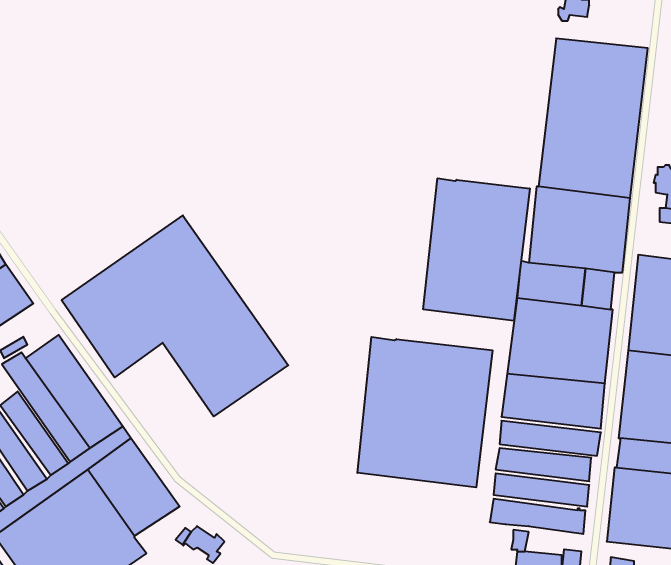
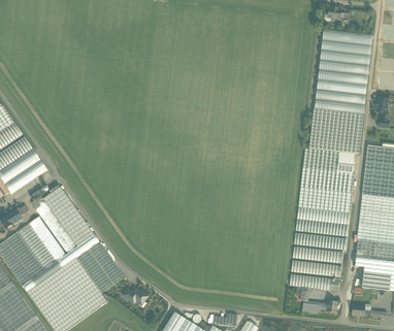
building: [423,178,530,321] -> none
building: [62,215,288,416] -> none
building: [357,337,492,487] -> none

